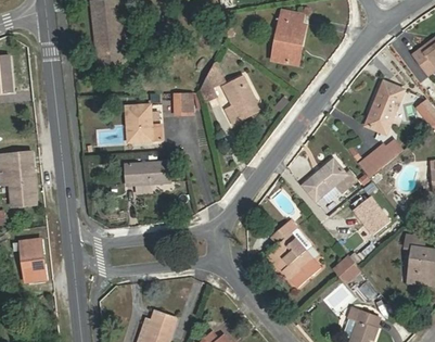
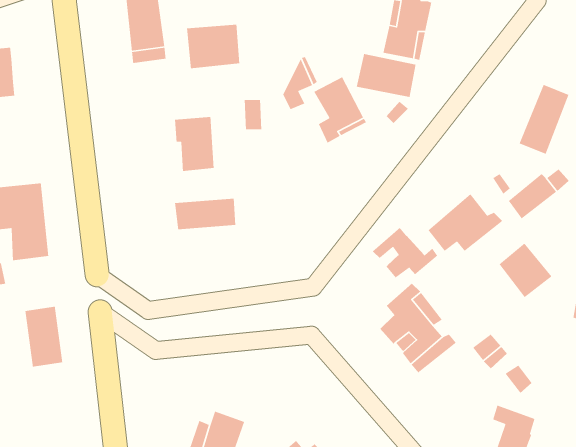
building: none -> [186,24,240,69]
building: none -> [356,53,416,98]
building: none -> [372,227,438,279]

